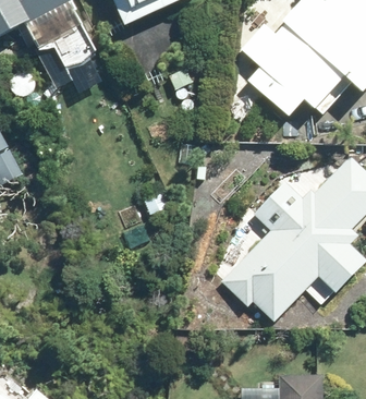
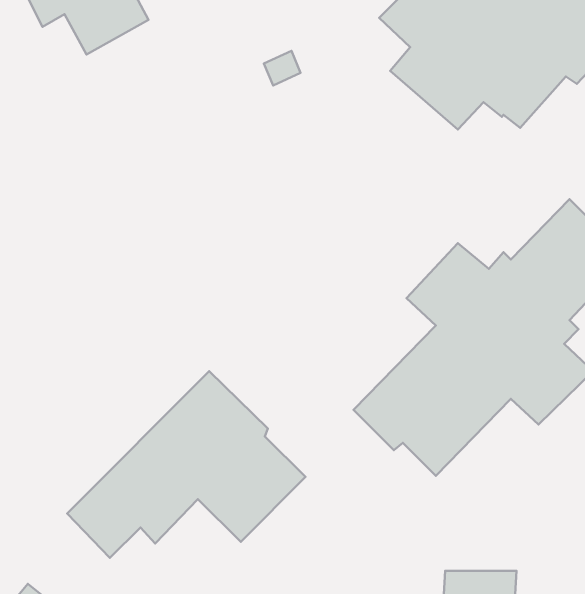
building: none -> [67,371,305,558]

